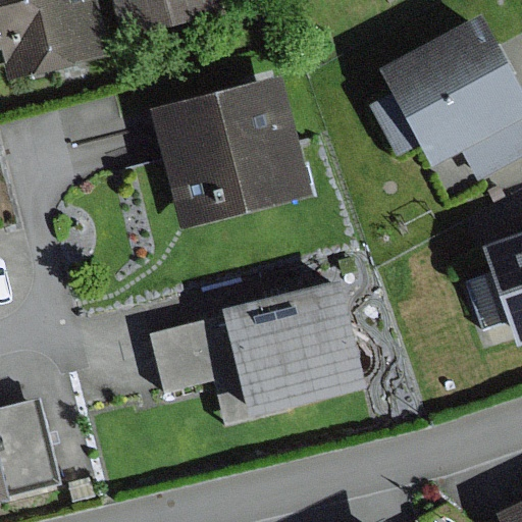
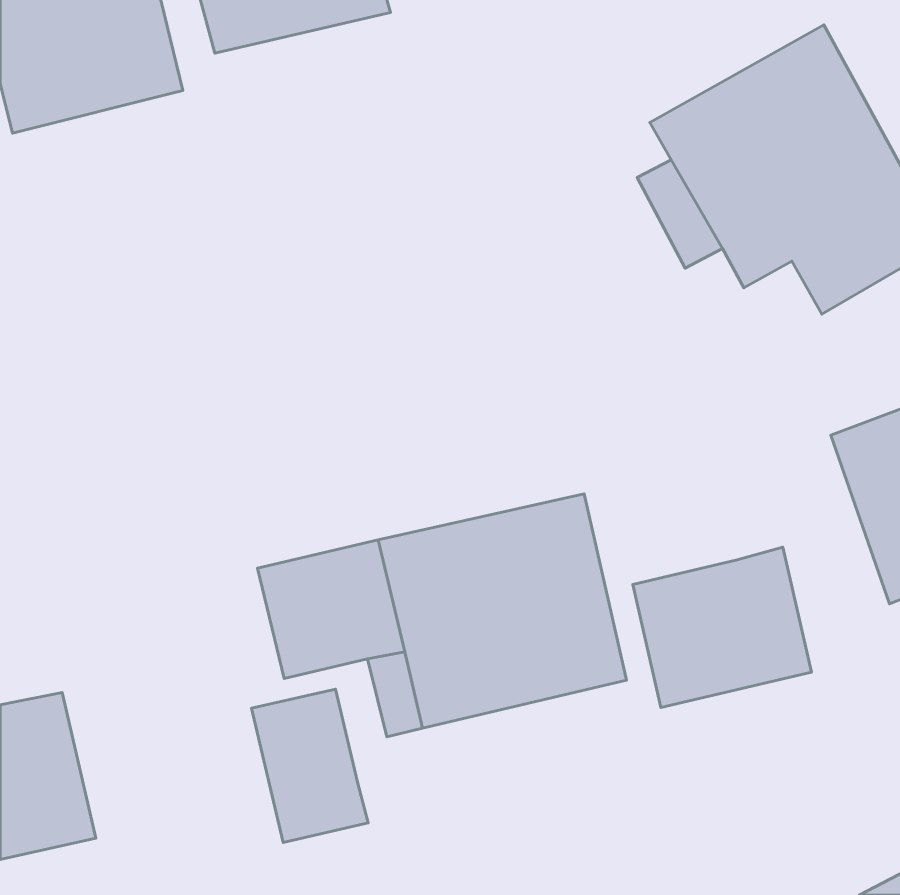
building: [152,76,311,227] -> none
building: none -> [633,547,812,707]
building: none -> [252,689,368,843]

